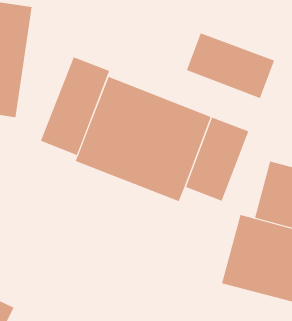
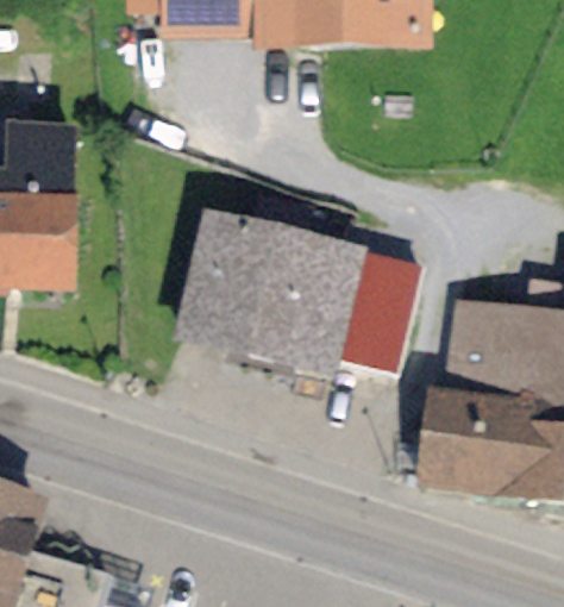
building: [186,33,275,99] -> none
building: [40,56,110,156] -> none

